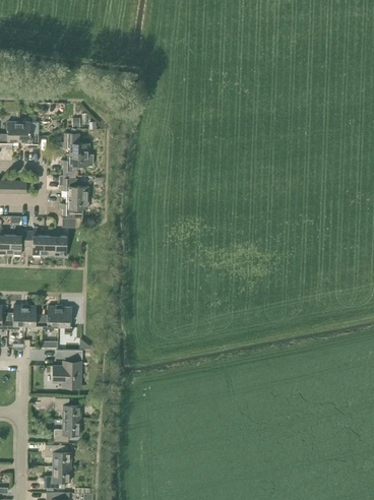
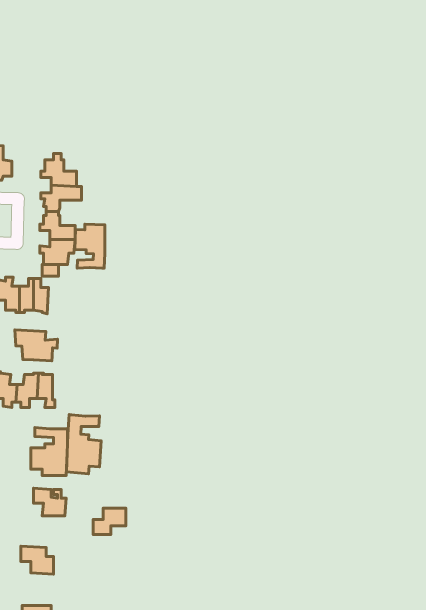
building: none -> [75,224,105,268]
building: none -> [15,330,58,361]
building: none -> [67,415,101,474]
building: [54,420,80,441] -> [93,508,126,535]
building: [45,465,71,490] -> none

